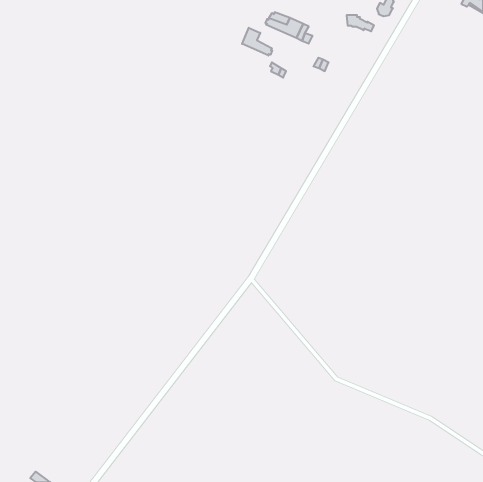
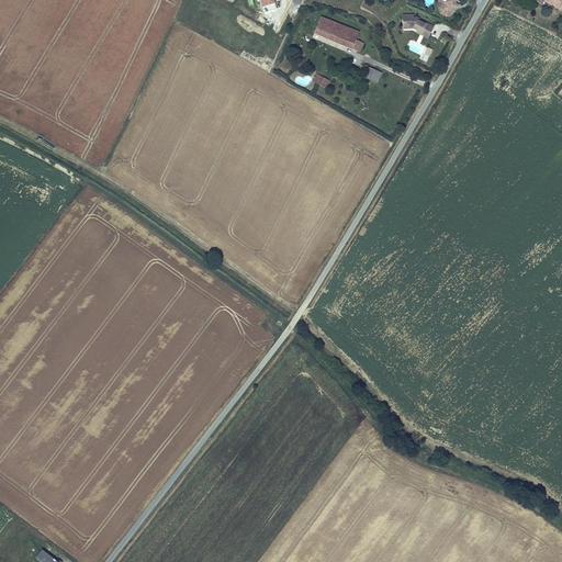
building: [242,28,272,56] -> none

